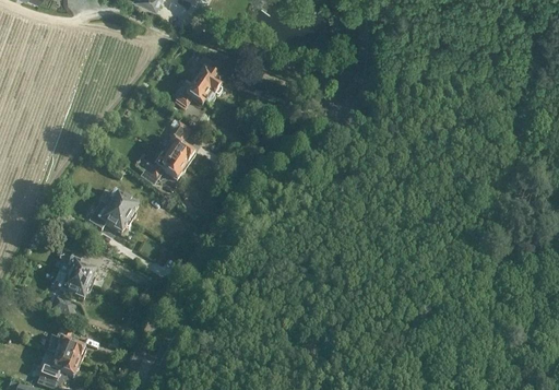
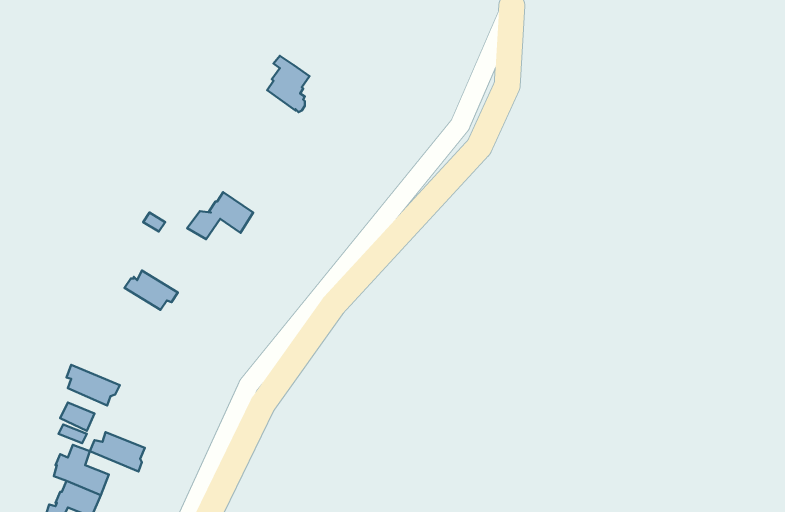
building: [173,80,214,109] -> none
building: [163,119,193,165] -> none
building: [106,190,136,221] -> none
building: [57,258,95,285] -> [90,432,145,471]

